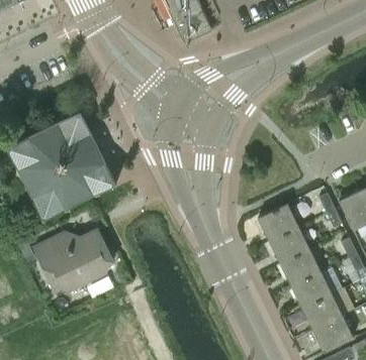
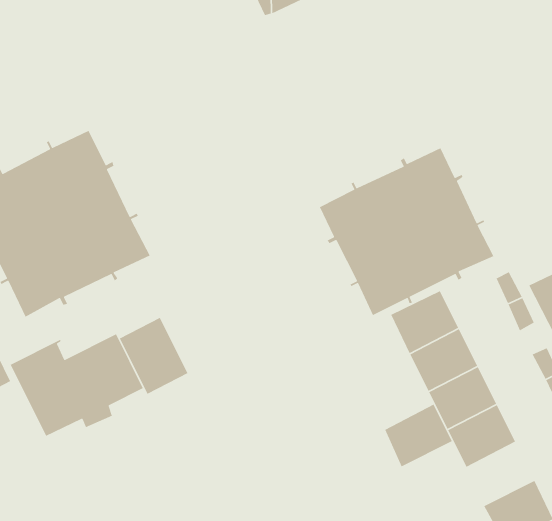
building: none -> [319,147,494,316]
building: none -> [119,317,188,395]
building: [302,293,343,331] -> [384,404,453,467]

